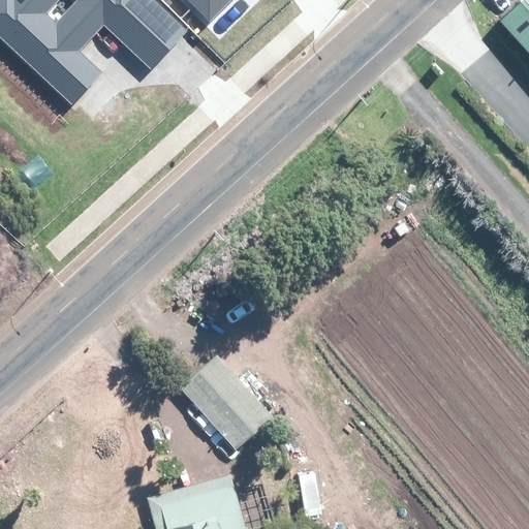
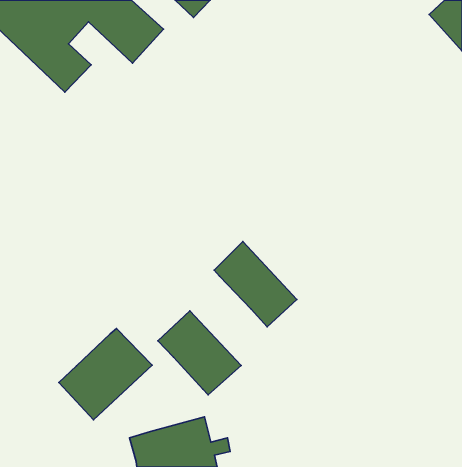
building: none -> [214,242,297,327]
building: none -> [59,328,152,420]

